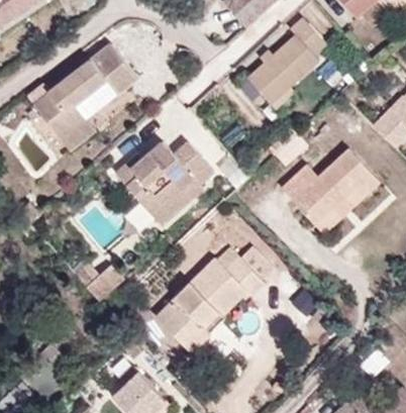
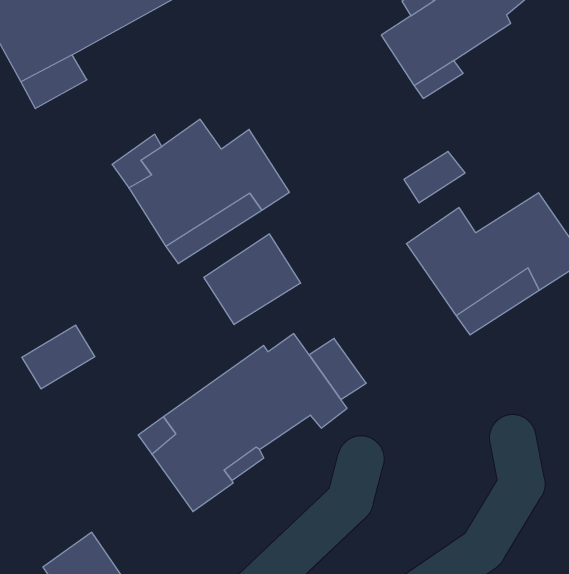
building: none -> [204,234,301,325]

